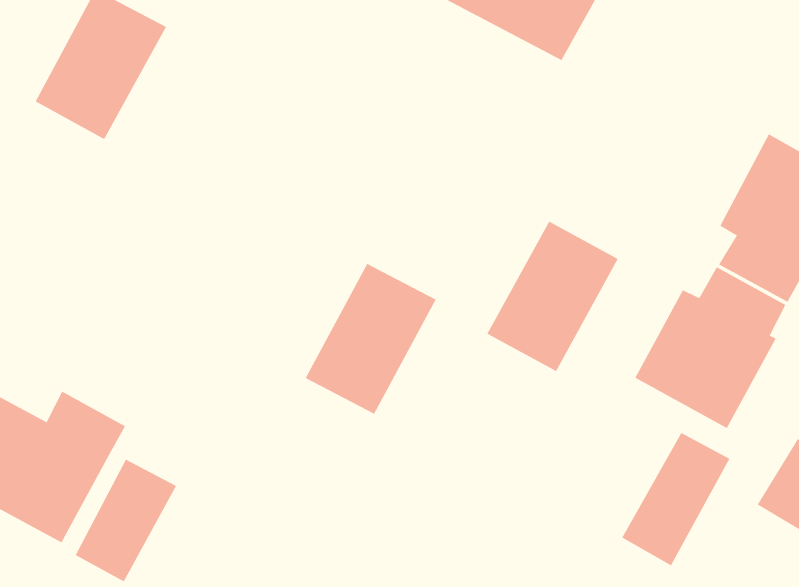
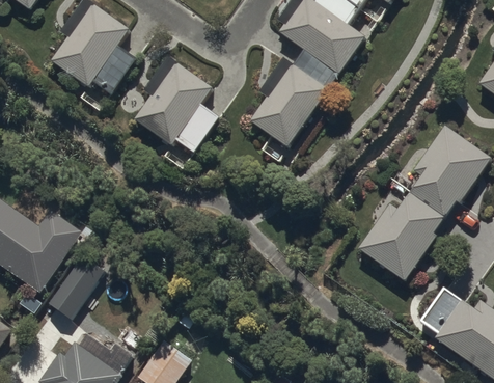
building: [486,221,619,372] -> [251,61,327,143]
building: [305,263,436,414] -> [135,59,211,141]
building: [621,432,730,566] -> none

